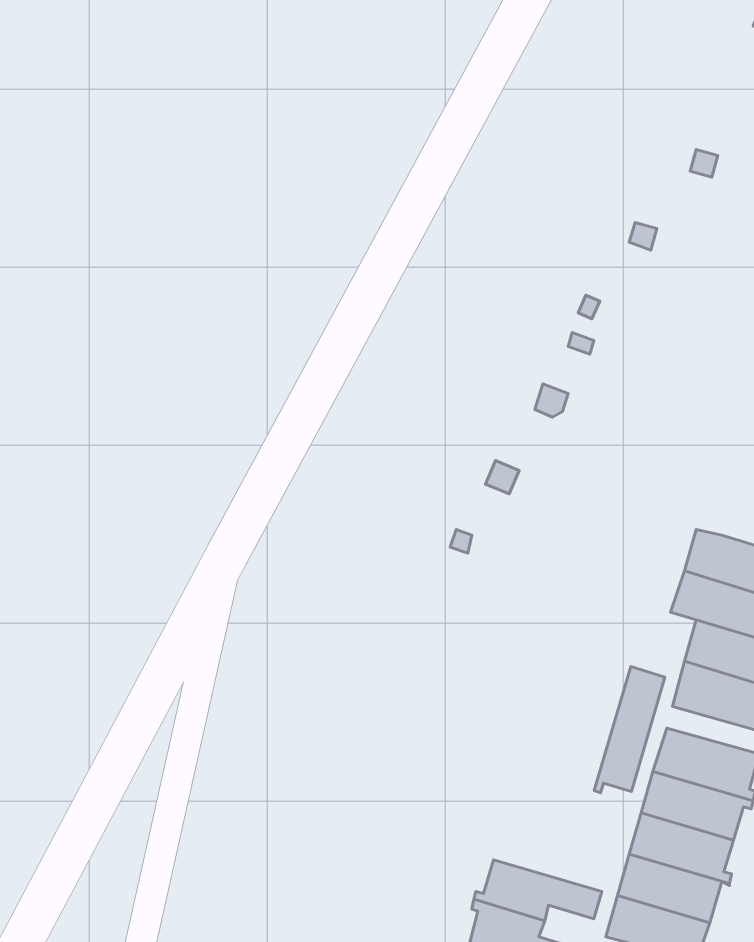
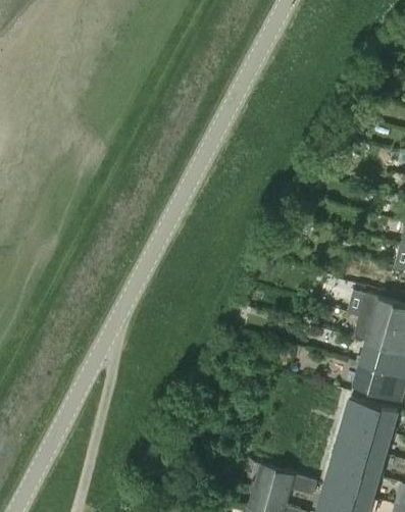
building: [594,667,665,793] -> none

